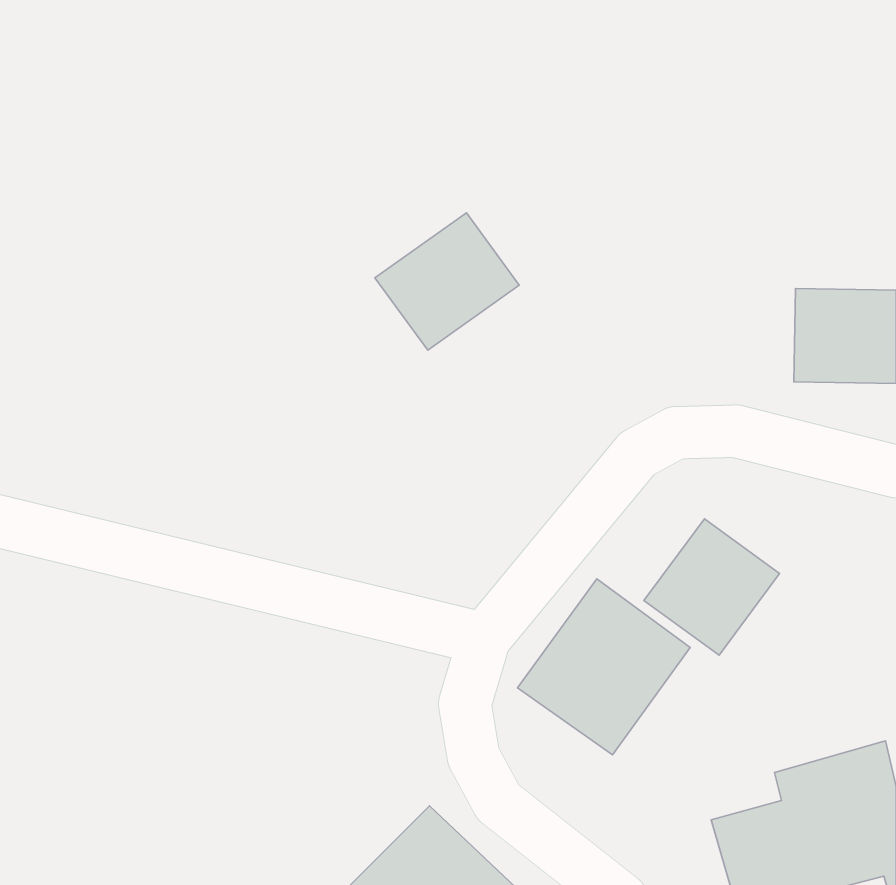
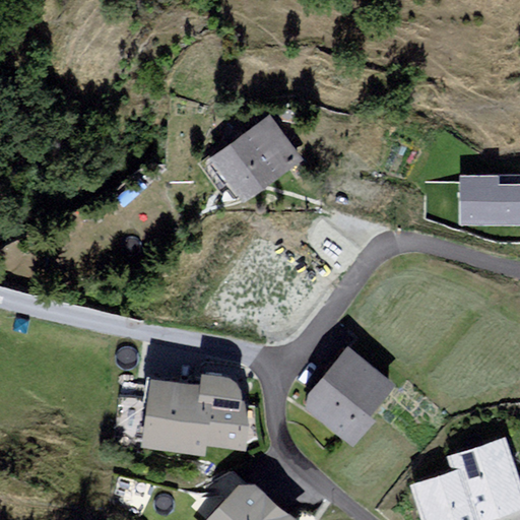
building: [644,519,780,655] -> none
building: none -> [141,370,249,456]

